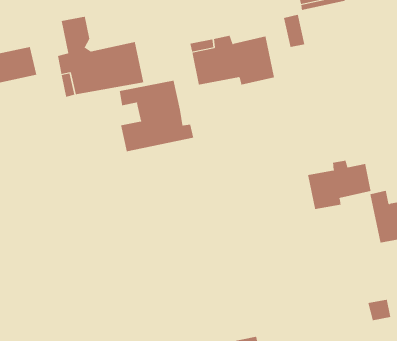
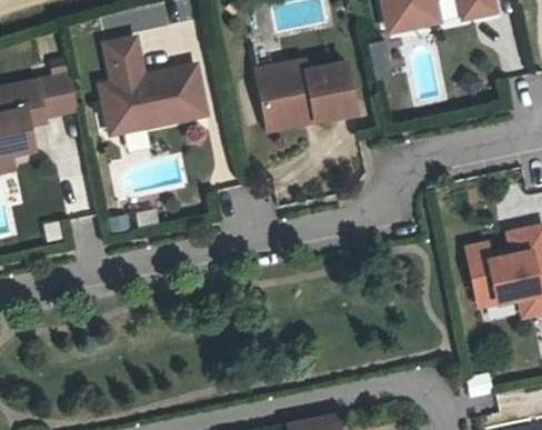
building: [119,80,194,152] -> none
building: [308,160,371,210] -> none

